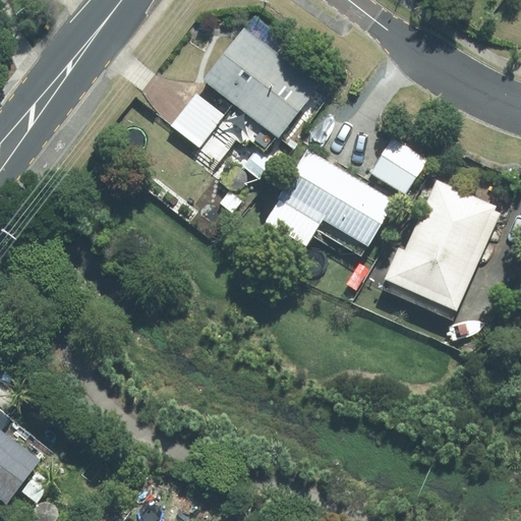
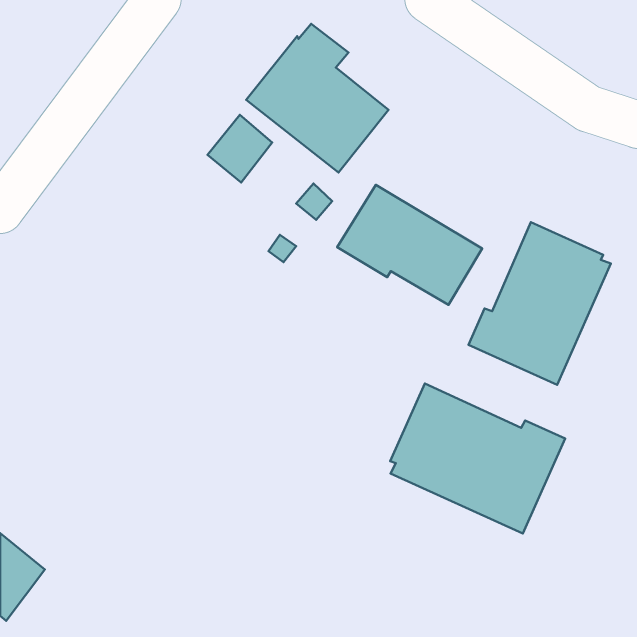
building: [370,142,423,195] -> none
building: none -> [390,384,565,533]

